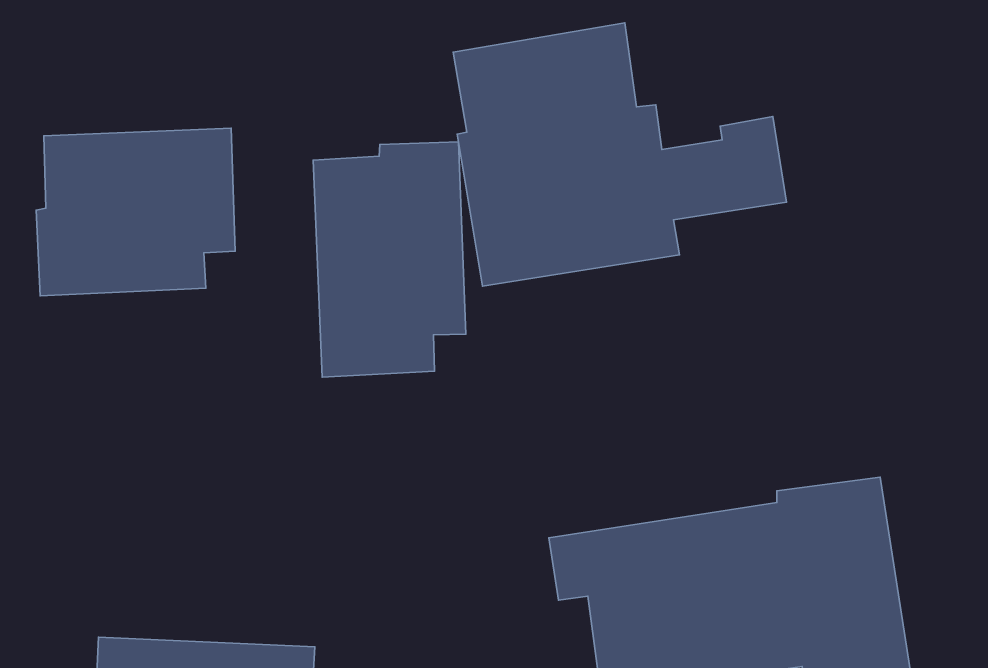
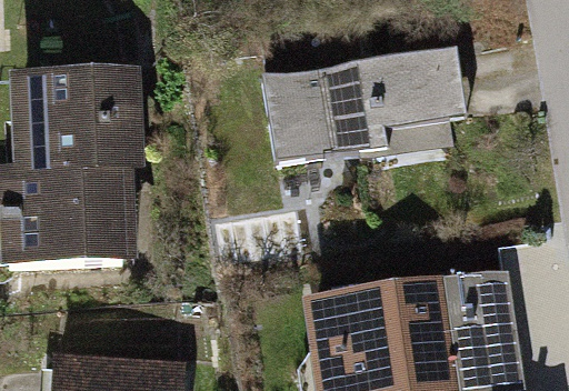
building: [313,142,466,377] -> none
building: none -> [10,166,121,265]

